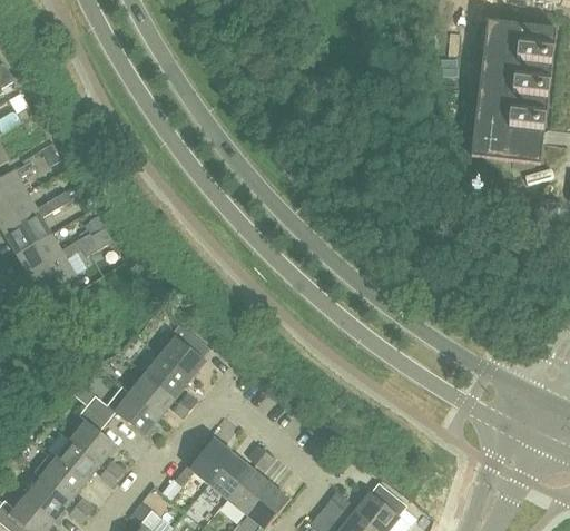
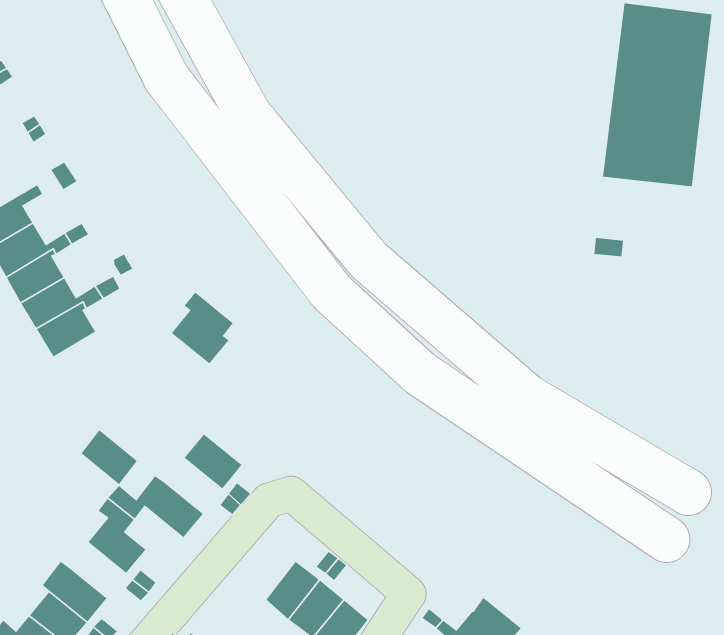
building: [160,323,209,380] -> [171,292,234,365]
building: [130,374,175,417] -> [80,429,138,485]
building: [161,439,232,501] -> none
building: [56,440,100,483] -> none

